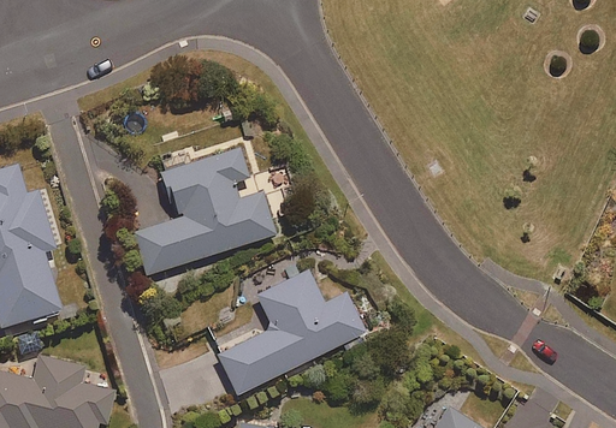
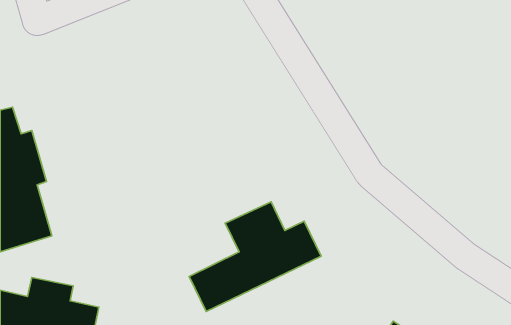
building: [134,148,274,274] -> none

